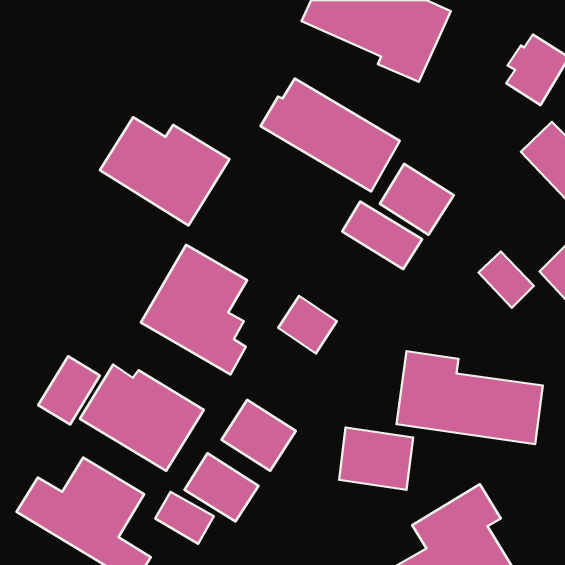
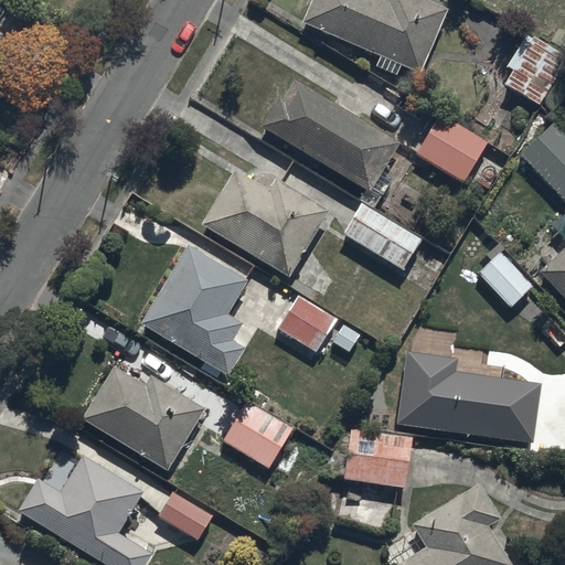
building: [100,117,230,226] -> [202,170,331,278]
building: [380,164,454,235] -> [415,113,489,183]
building: [38,356,100,424] -> none
building: [185,453,259,522] -> none

